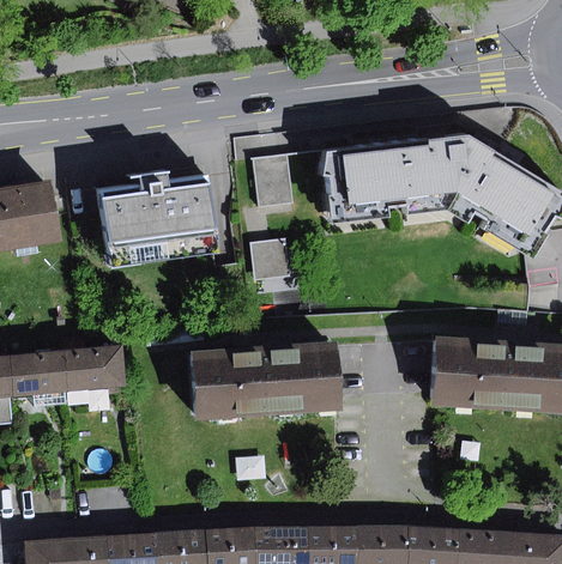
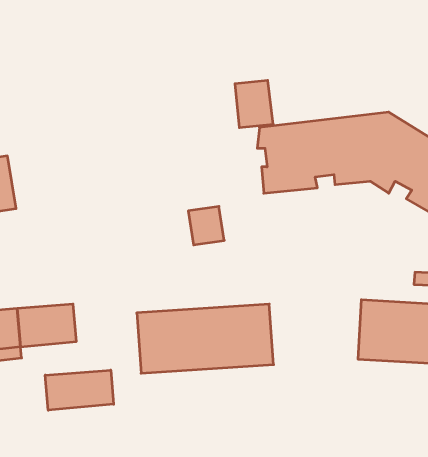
building: [250,153,292,205] -> [235,80,273,128]
building: [99,172,218,269] -> none
building: none -> [45,370,114,410]

